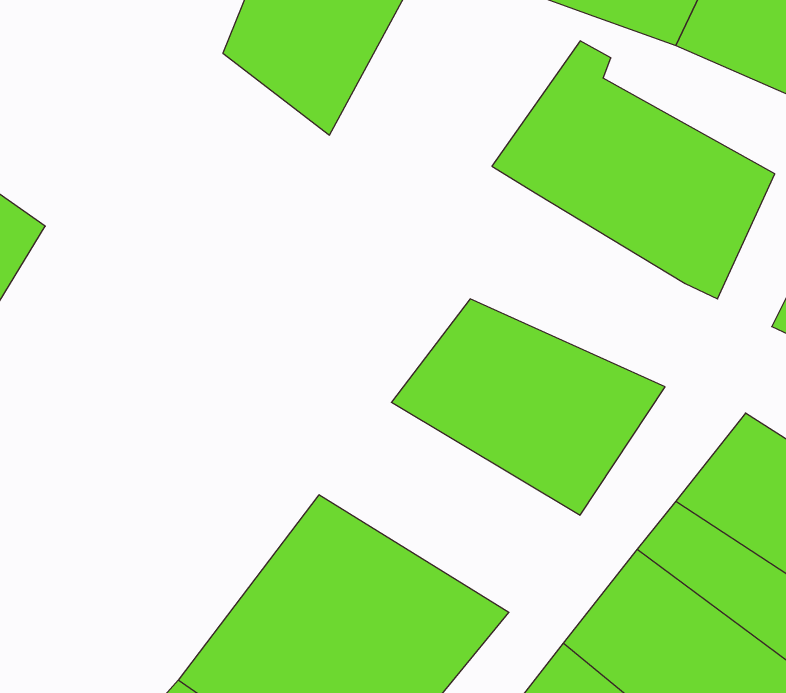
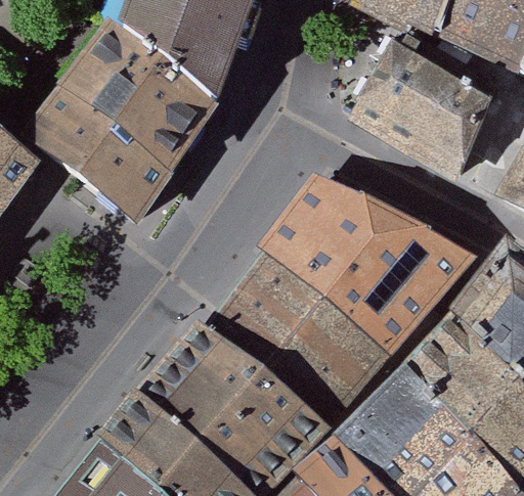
building: none -> [44,22,219,216]
building: none -> [212,270,385,409]

